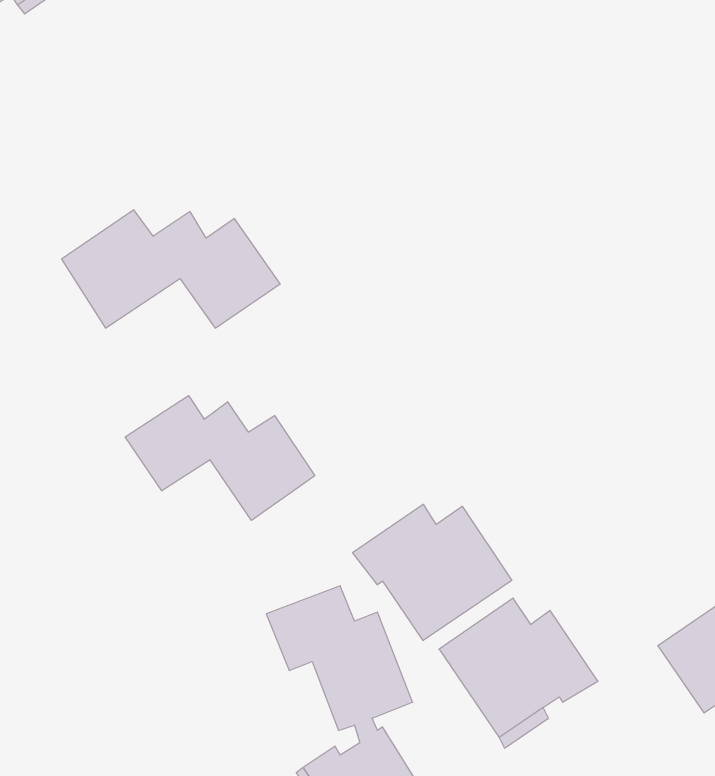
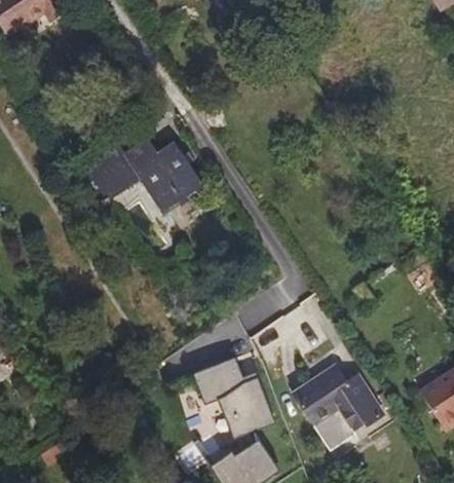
building: [125,396,315,520] -> none
building: [353,504,512,641] -> none

